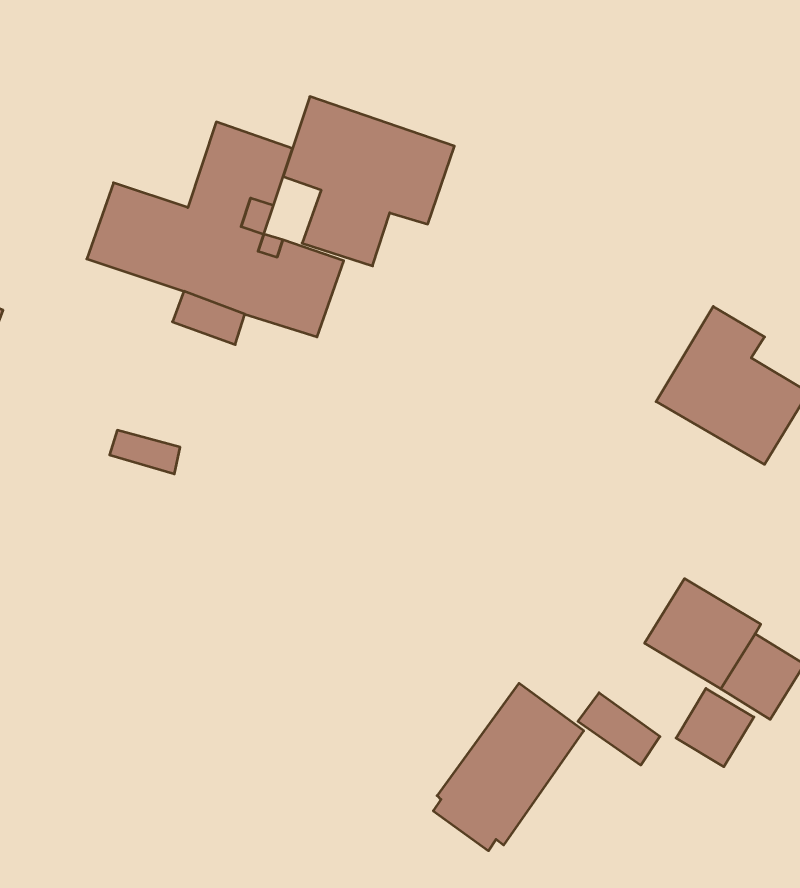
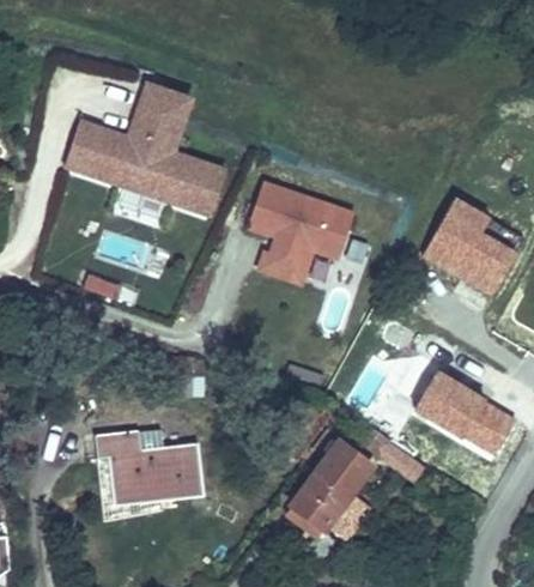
building: [283,97,454,266] -> [245,180,353,286]
building: none -> [93,429,204,504]
building: [676,688,754,767] -> none

